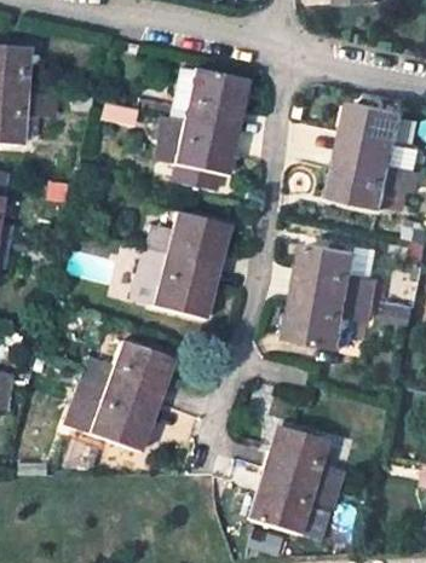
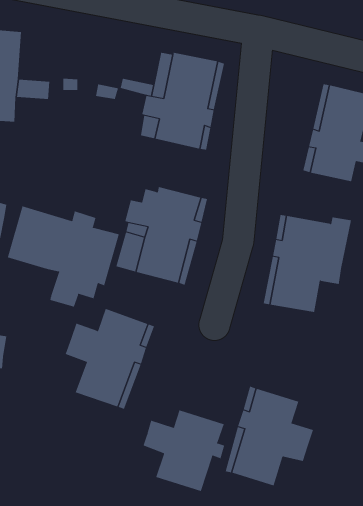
building: none -> [7,206,120,308]
building: none -> [143,410,225,492]

